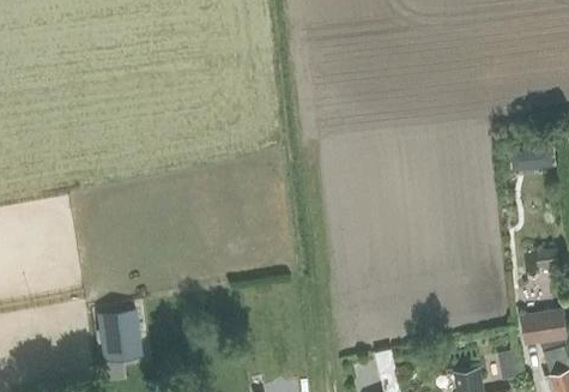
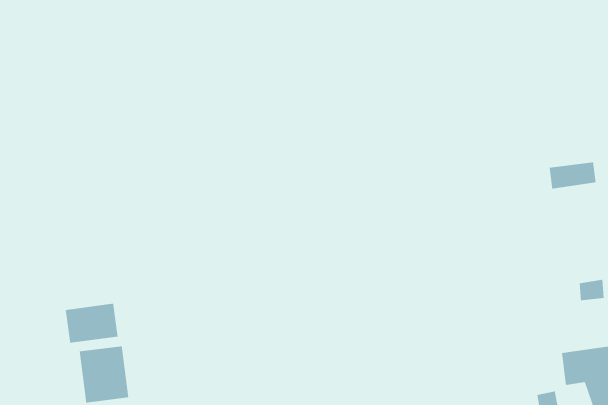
building: none -> [65,303,118,343]

